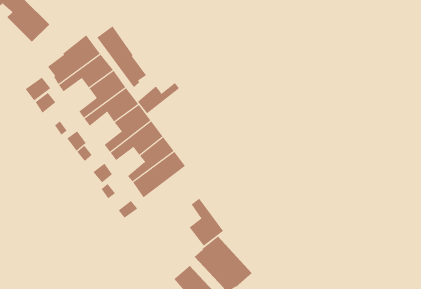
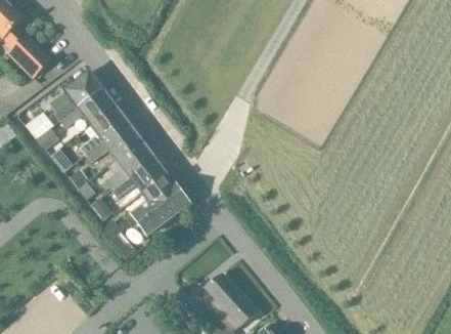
building: [97,26,147,88] -> none
building: [137,82,180,114] -> none
building: [189,198,224,247] -> none

